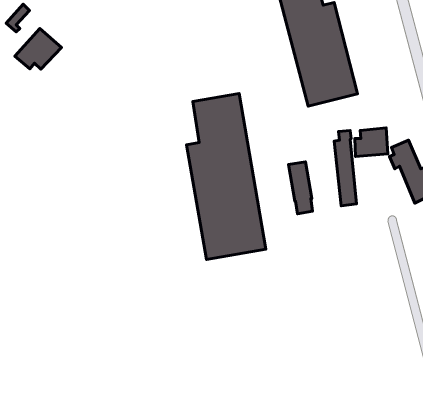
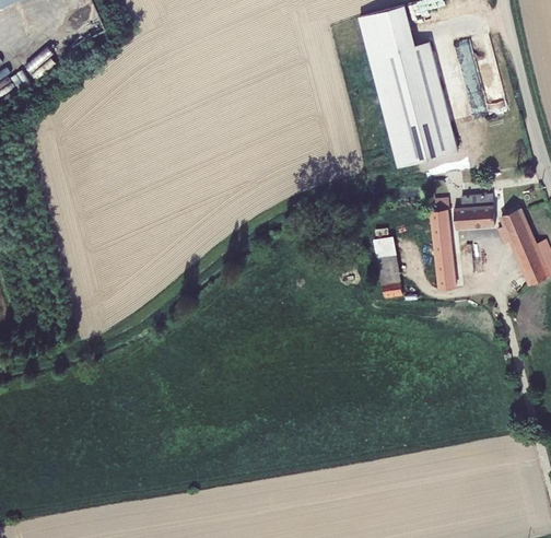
building: [15,29,61,69] -> none
building: [186,94,266,260] -> none

